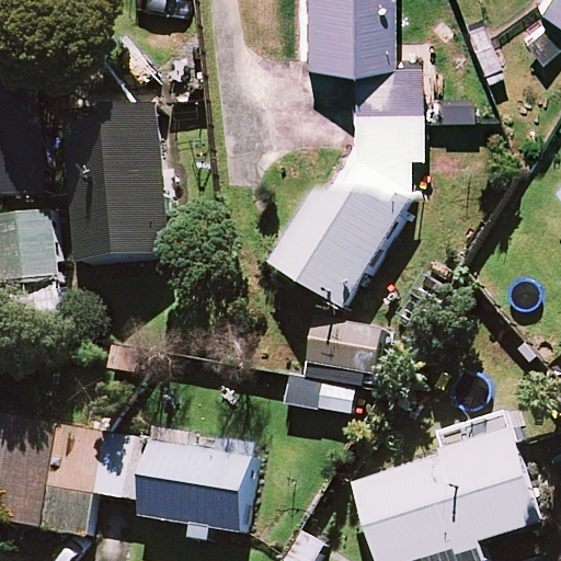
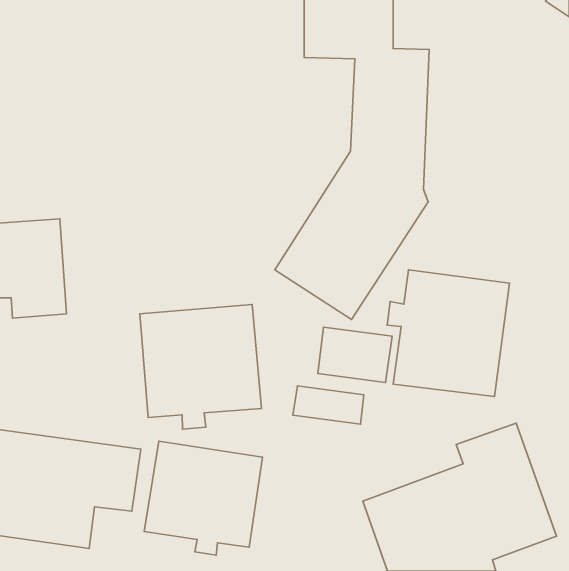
building: [66,105,169,262] -> none
building: none -> [387,270,509,397]
building: none -> [140,305,262,429]

